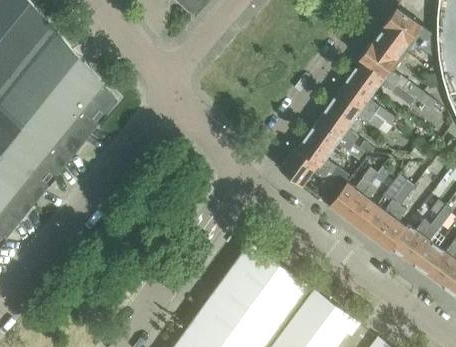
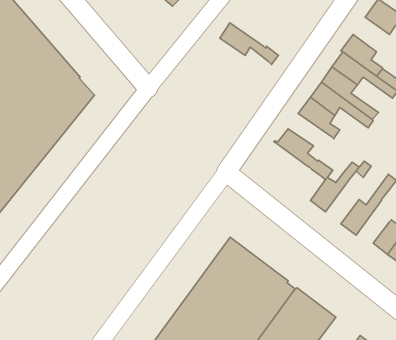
building: [372,25,408,59] -> none
building: [308,120,366,161] -> [220,23,279,64]
building: [279,148,329,186] -> none
building: [345,183,378,229] -> none
building: [375,205,408,251] -> none

